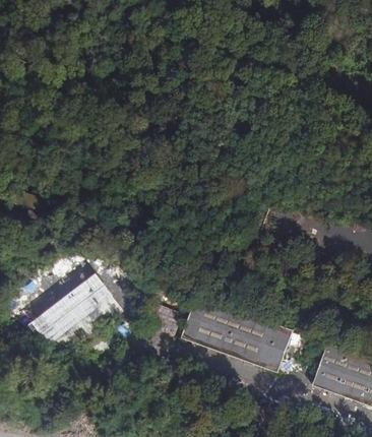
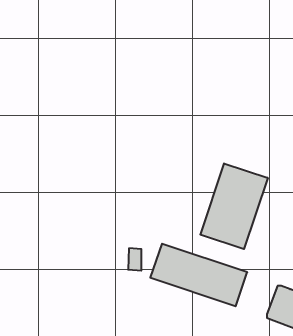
building: none -> [200,163,268,249]
building: [29,272,121,355] -> none

